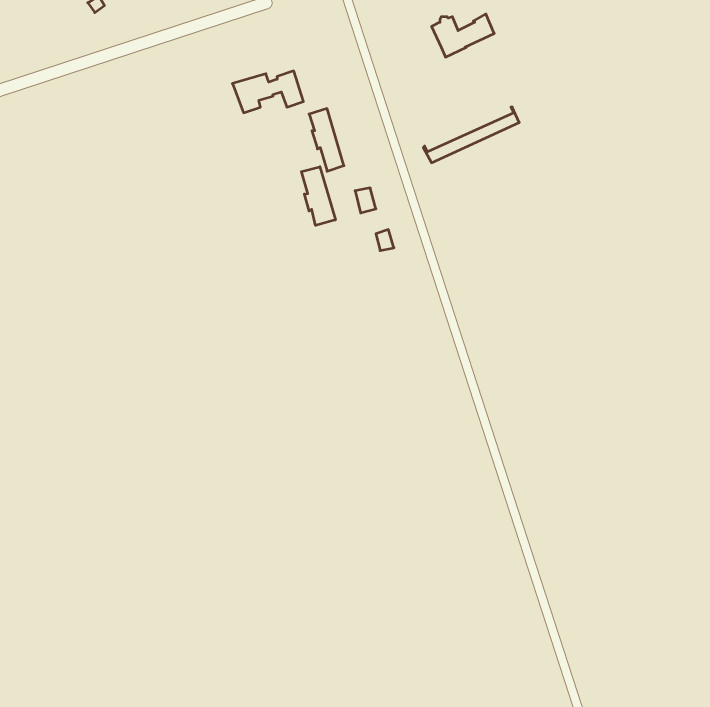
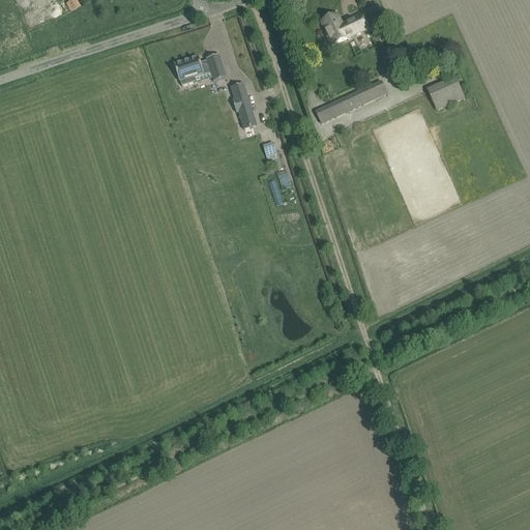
building: none -> [428,77,464,108]
building: [301,167,335,225] -> none

